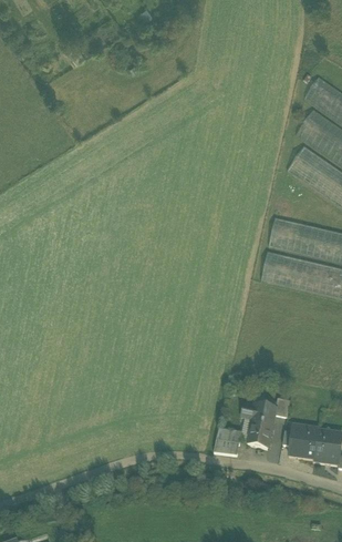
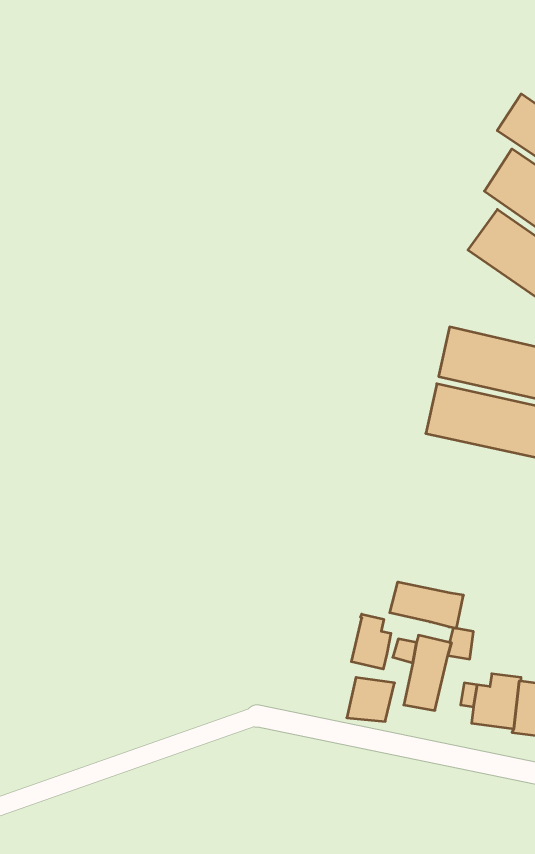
building: none -> [390,582,463,628]
building: none -> [351,614,391,669]

